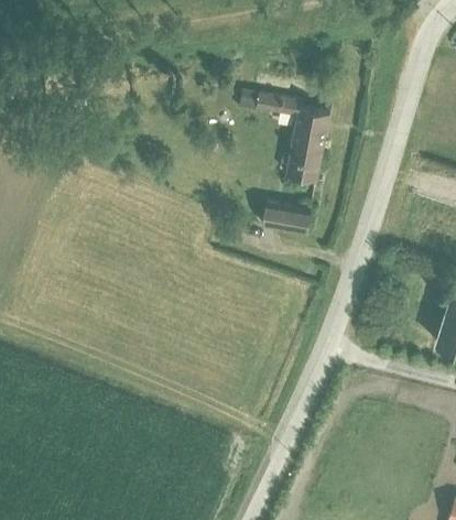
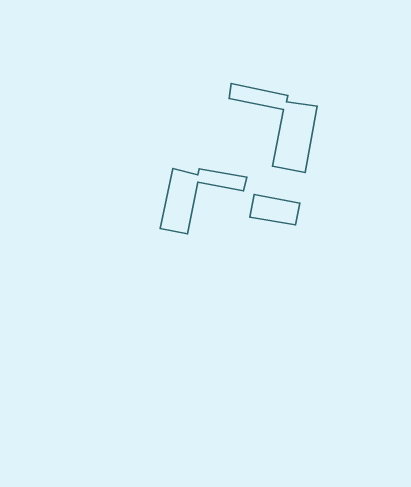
building: none -> [160,168,247,234]

